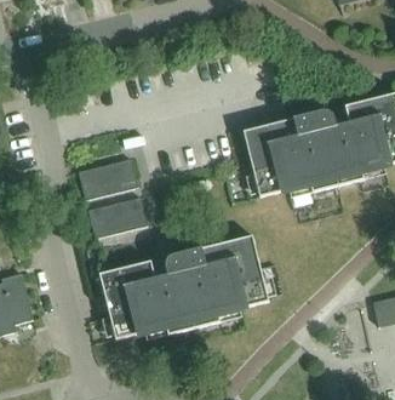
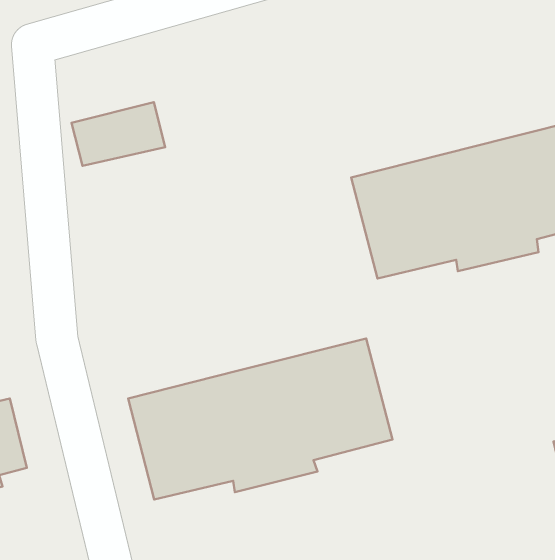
building: [78,159,138,200] -> [71,102,165,166]
building: [87,198,148,239] -> none

